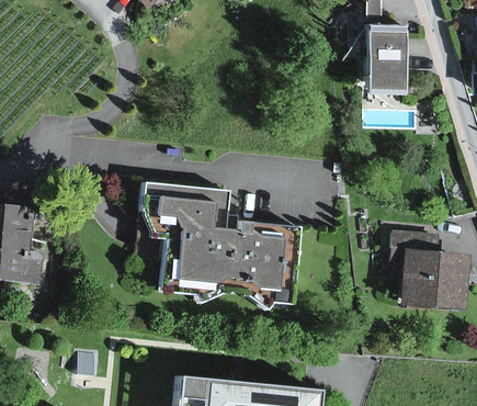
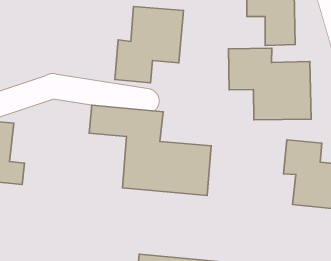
building: none -> [115,7,183,83]
building: none -> [228,48,311,120]

